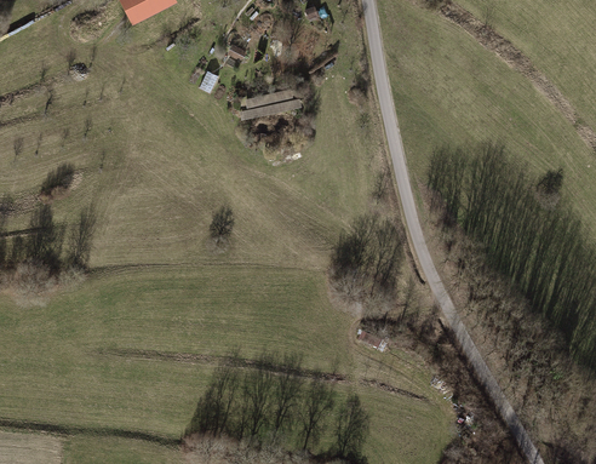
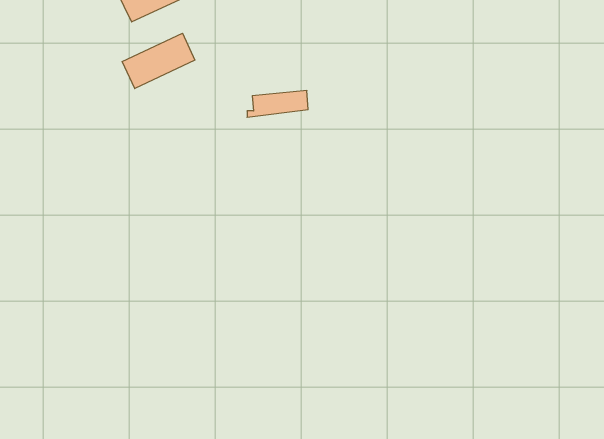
building: none -> [122,33,195,89]

